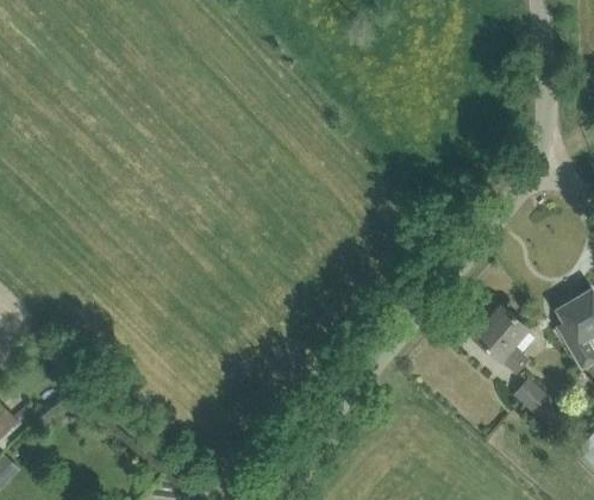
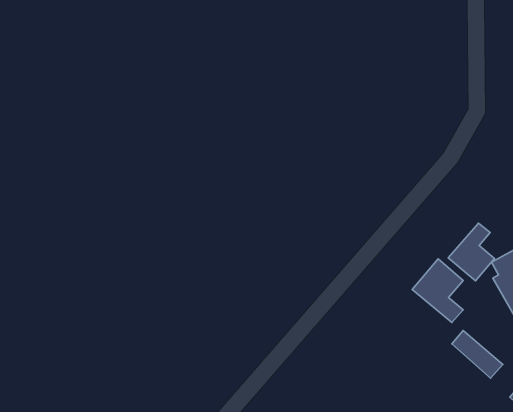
building: none -> [448,223,494,281]

